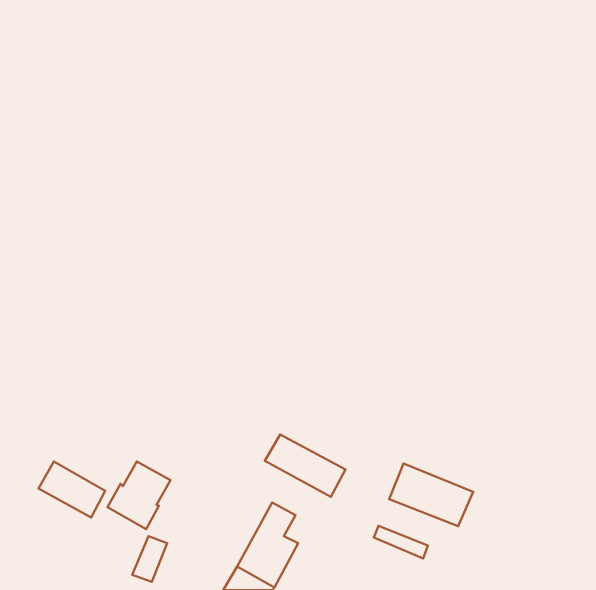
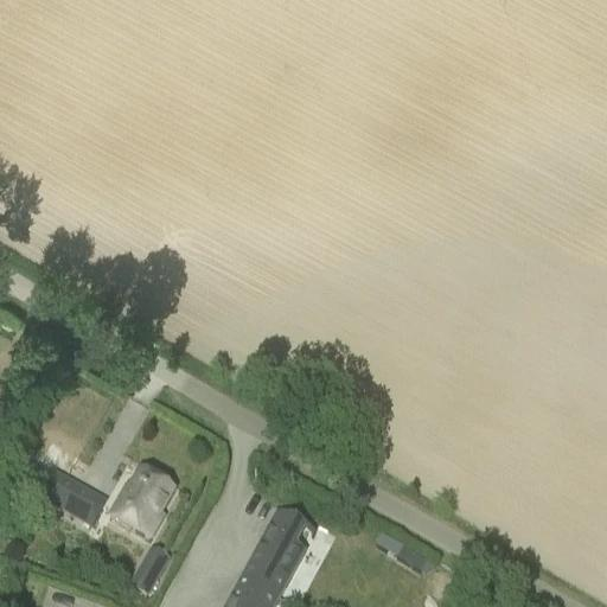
building: [265,434,346,497] -> none
building: [389,463,473,526] -> none

